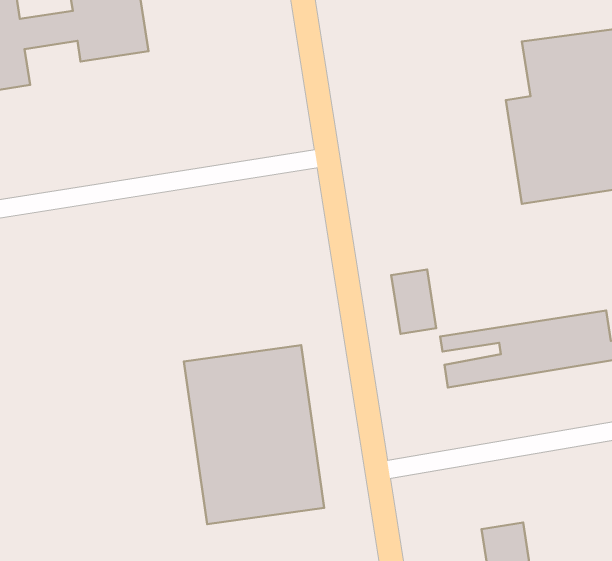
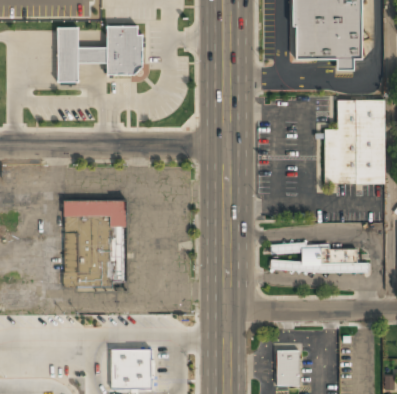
building: [391,269,436,334] -> none
building: [184,345,324,524] -> [63,200,126,287]

